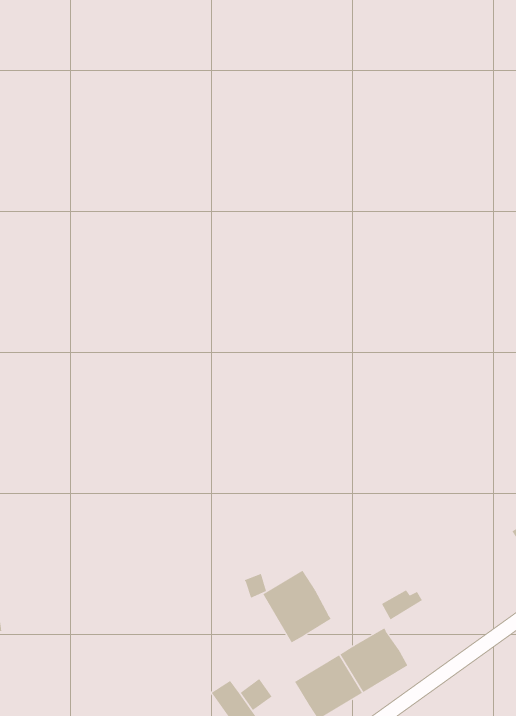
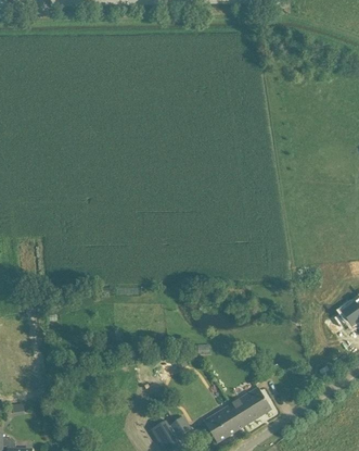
building: [262,570,332,643] -> none

